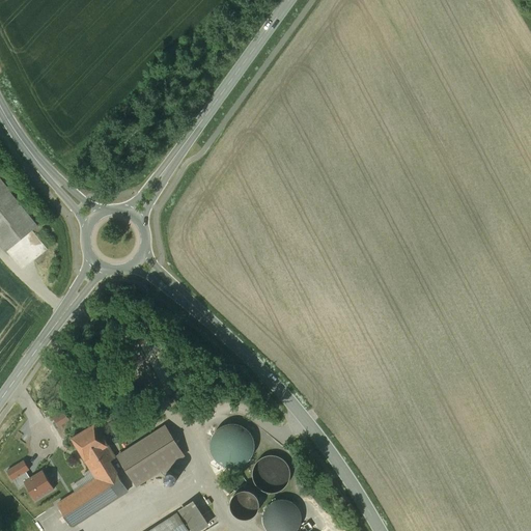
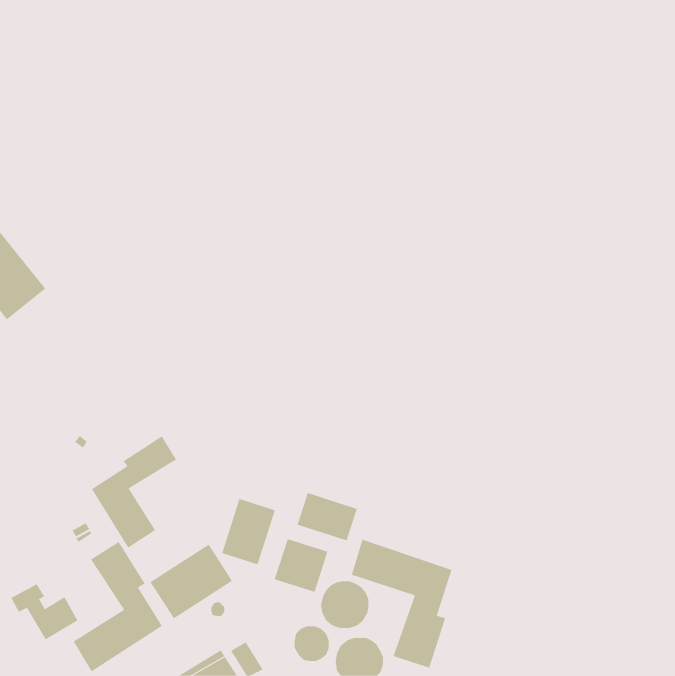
building: none -> [91,436,177,549]
building: none -> [297,492,357,541]
building: none -> [221,498,275,565]
building: none -> [351,539,452,668]

